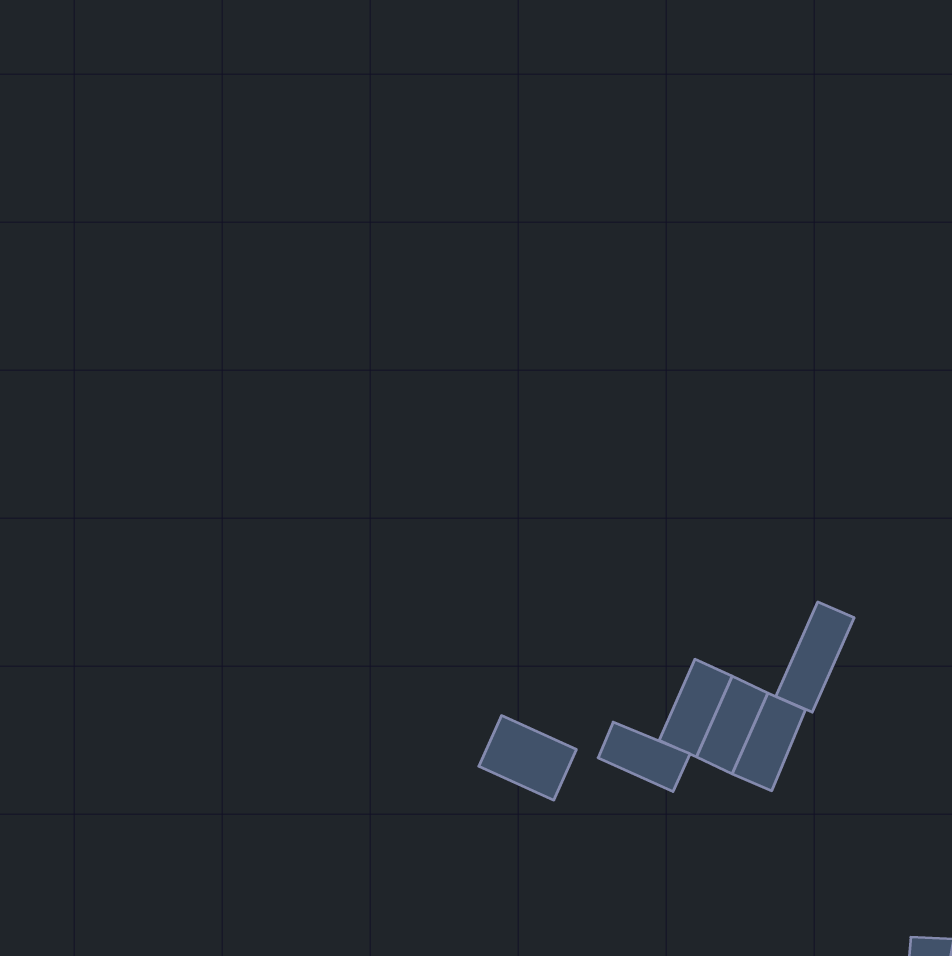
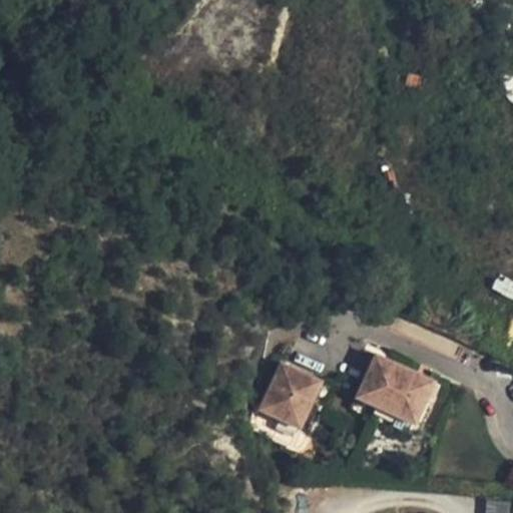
building: [776,602,854,712] -> none
building: [598,722,690,792] -> [272,365,321,402]

